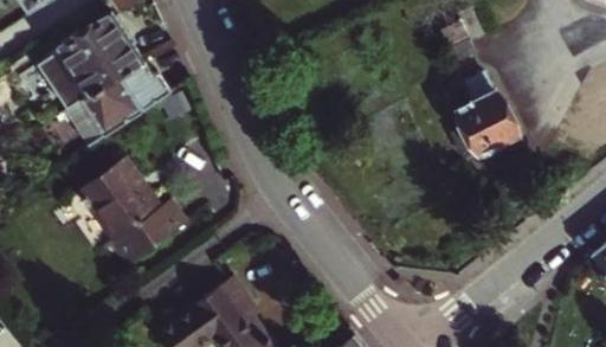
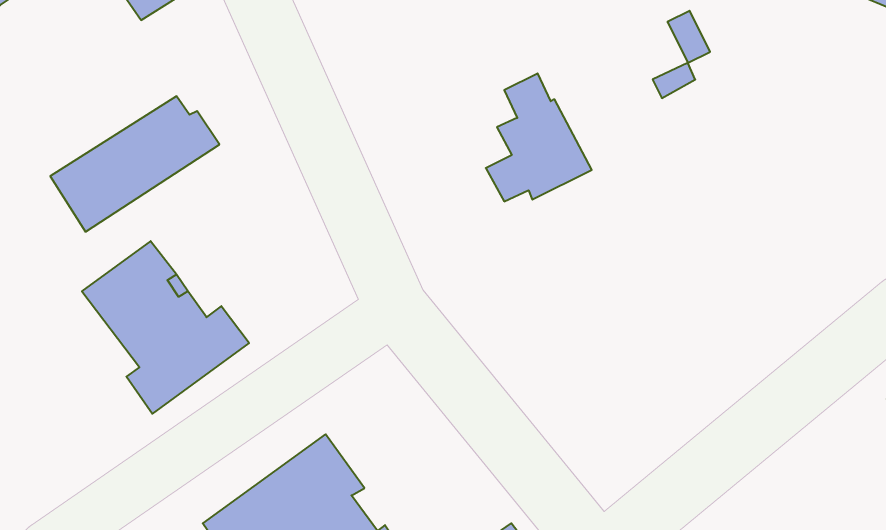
building: [45,15,144,116] -> none
building: [451,76,518,158] -> [486,73,592,201]

